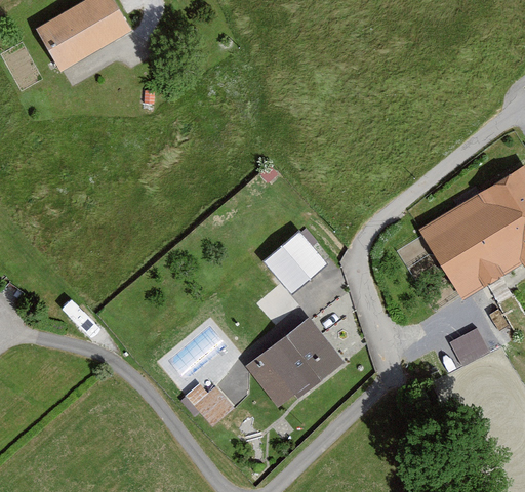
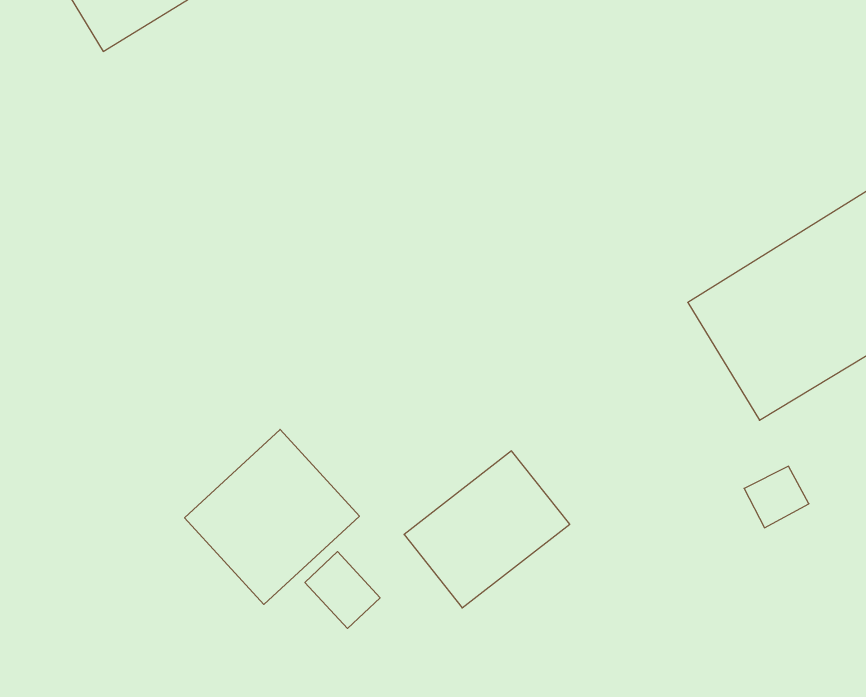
building: [265,229,328,292] -> none
building: none -> [185,429,359,604]

